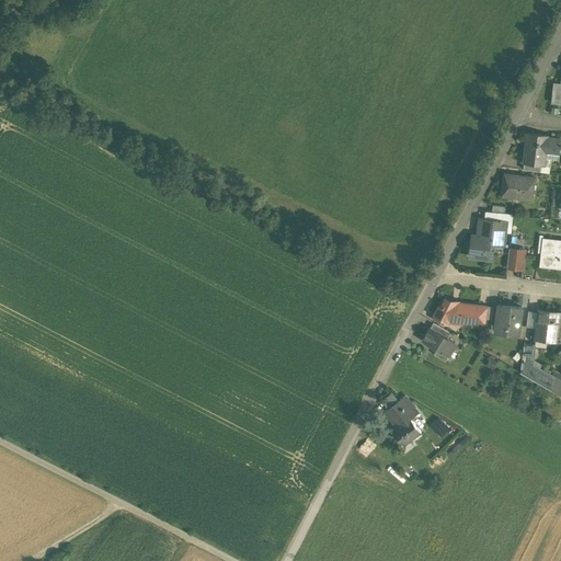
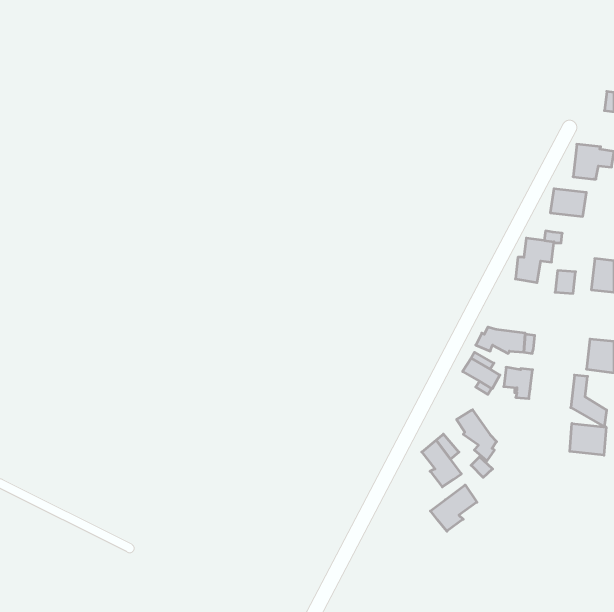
building: [495,306,522,334] -> [504,367,533,399]
building: none -> [457,410,497,461]
building: none -> [570,423,606,455]
building: none -> [430,485,477,531]

